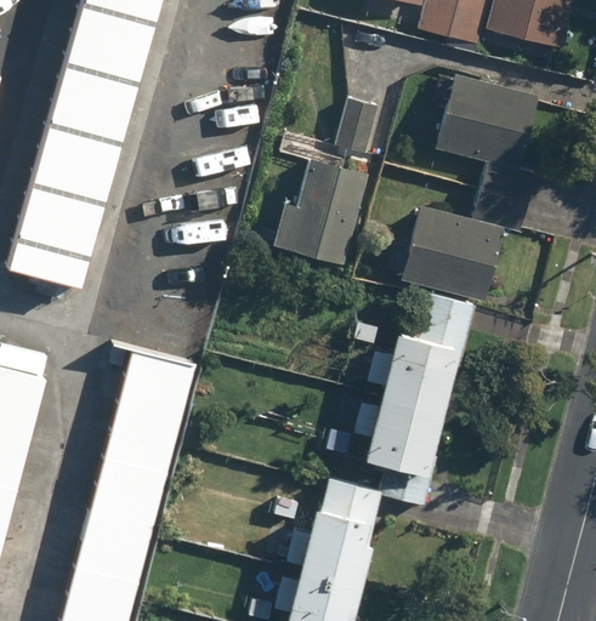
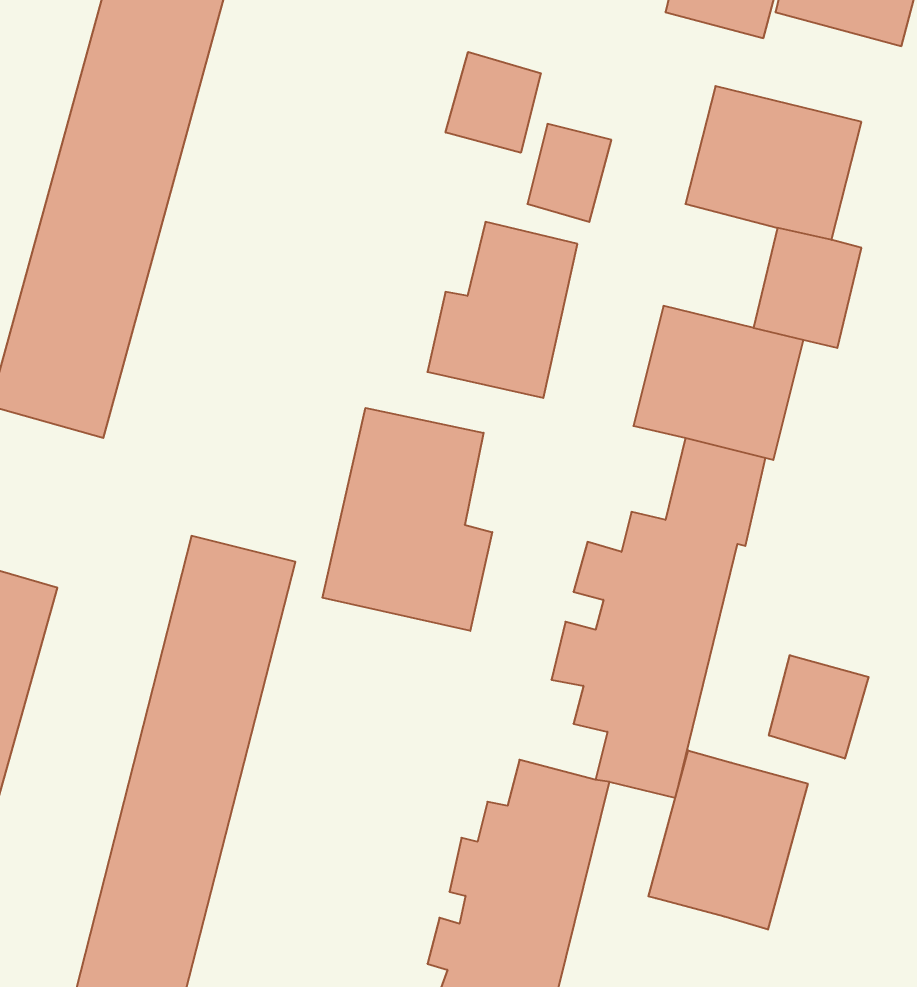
building: none -> [446,52,541,153]
building: none -> [322,408,492,631]
building: none -> [769,655,869,759]
building: none -> [648,750,808,930]

